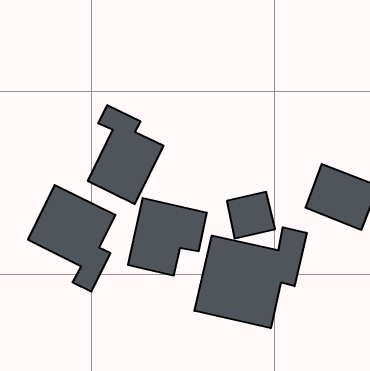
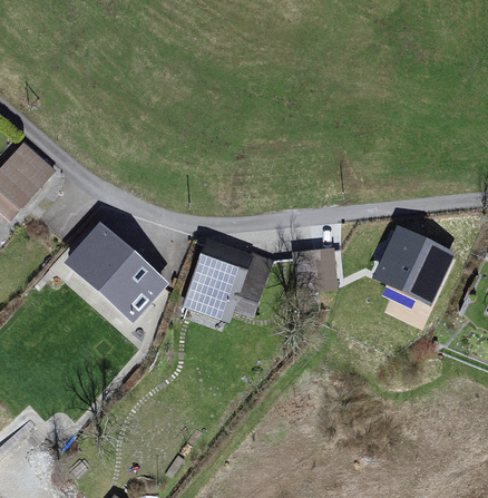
building: [88,105,163,204] -> none
building: [194,227,307,328] -> none

